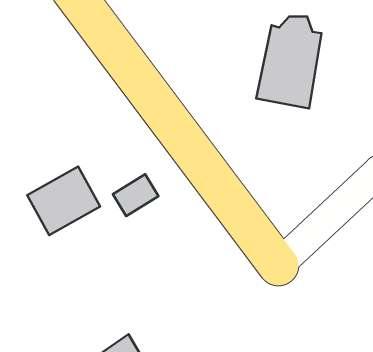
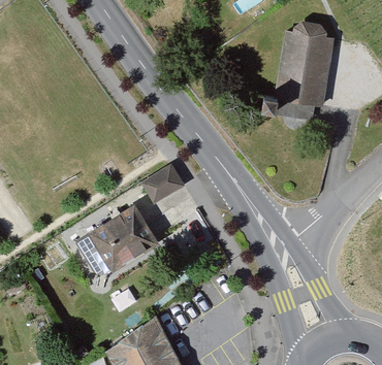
building: [27,166,100,235] -> [85,207,153,271]

